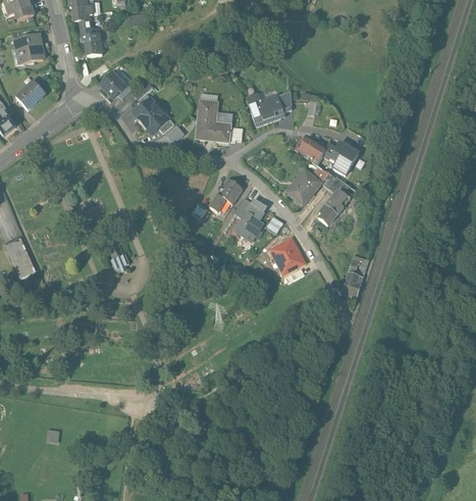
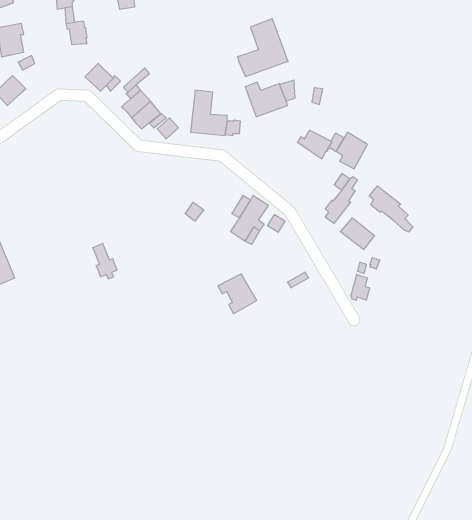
building: none -> [238,19,288,77]
building: [285,168,321,202] -> none
building: [210,178,243,208] -> none
building: none -> [369,186,413,232]
building: none -> [340,218,374,249]
building: [269,236,305,272] -> [218,274,257,314]

